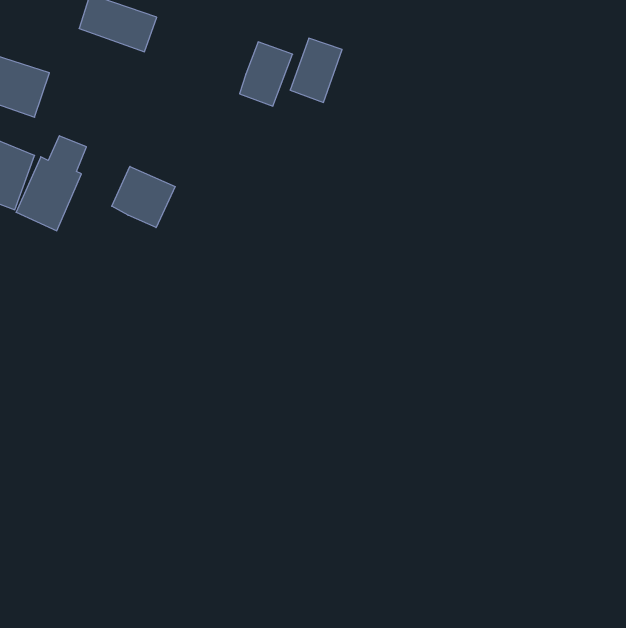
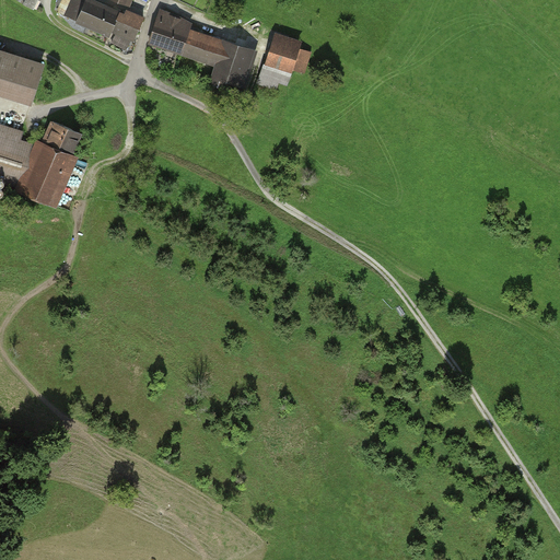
building: none -> [148,12,229,66]
building: [112,166,175,228] -> none

